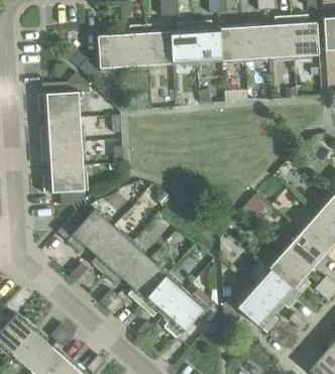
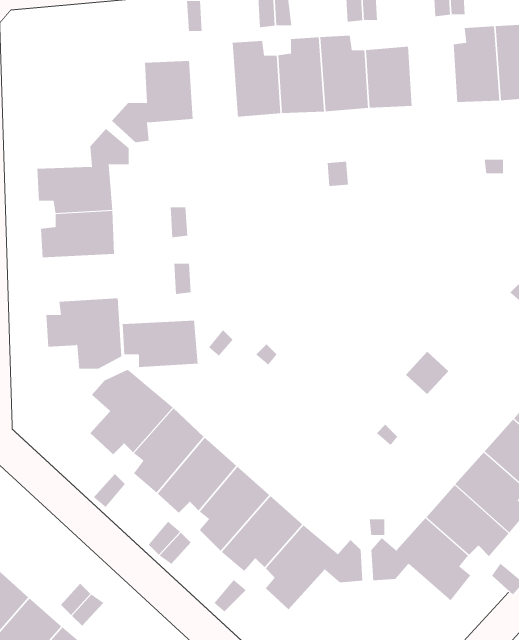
building: [122,24,148,67] -> none
building: [243,25,269,59] -> none
building: [40,141,83,167] -> [122,320,198,368]

